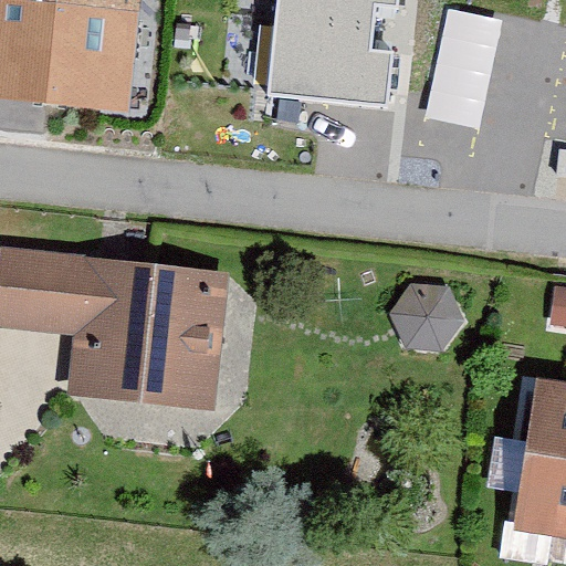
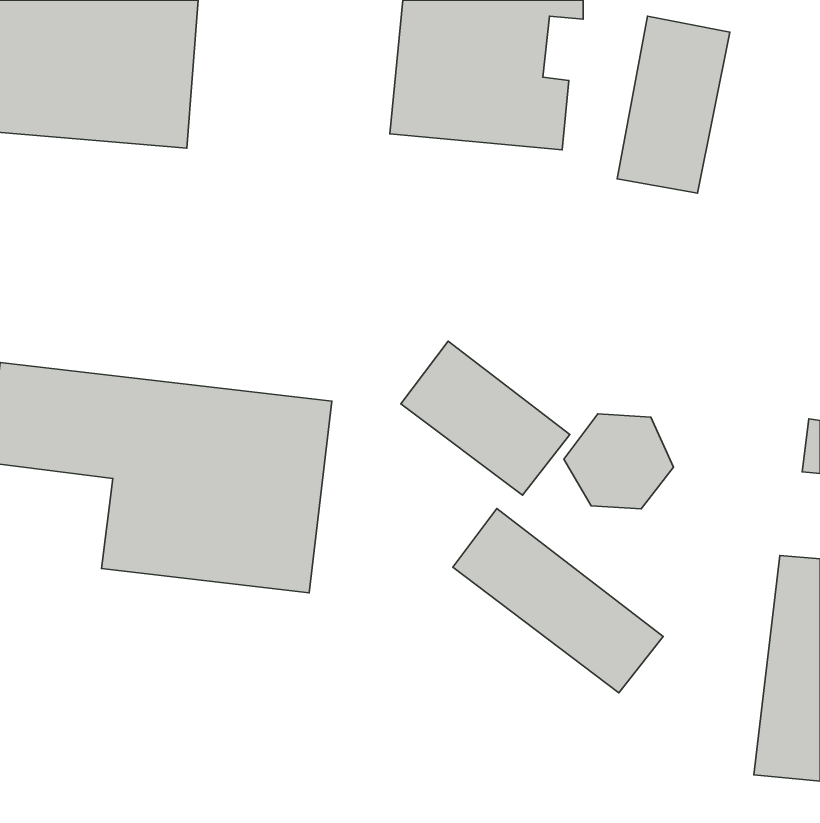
building: none -> [401,341,570,495]
building: none -> [453,509,663,693]

